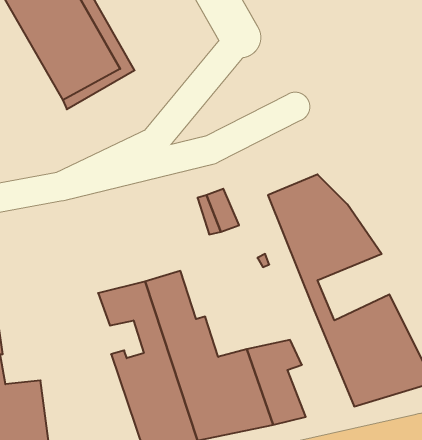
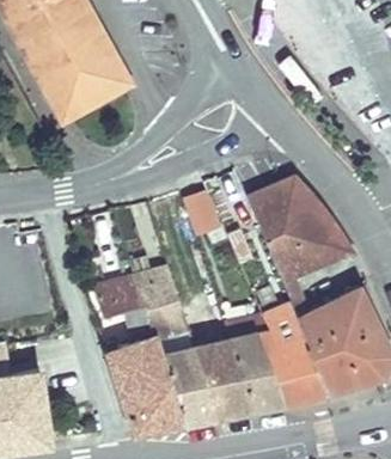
building: none -> [261,301,326,400]

